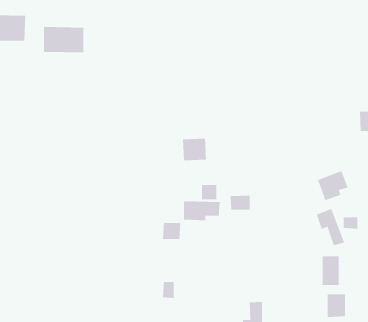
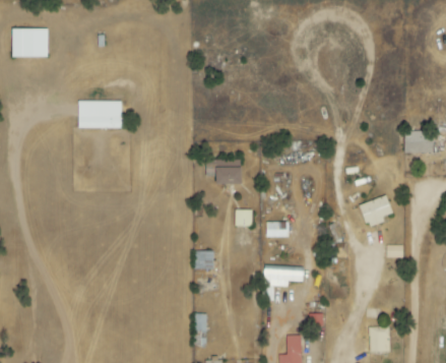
building: [43,26,84,53] -> [78,100,122,128]
building: [183,201,220,221] -> [264,264,304,286]
building: [316,208,345,246] -> none
building: [322,255,339,286] -> none

